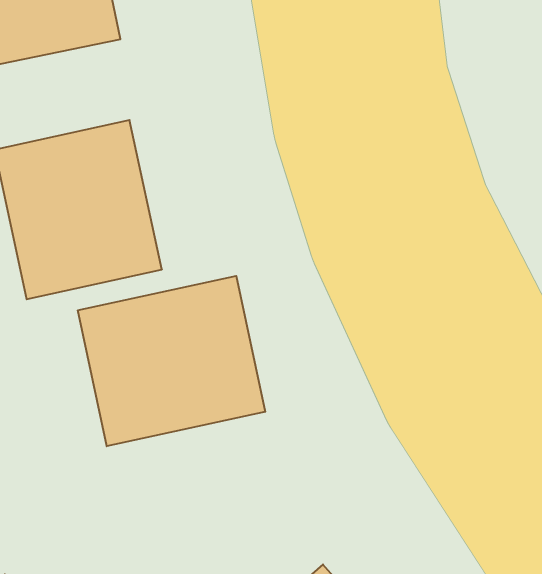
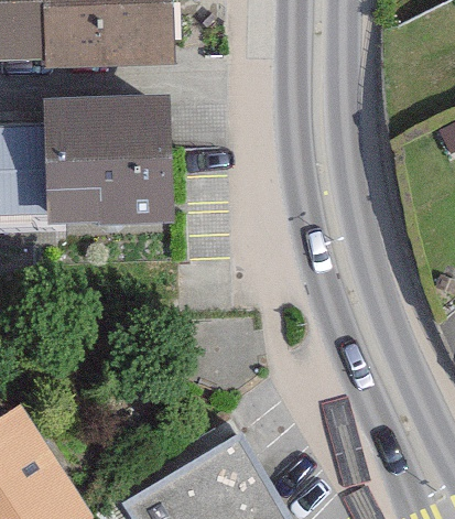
building: [78,276,265,446] -> none

